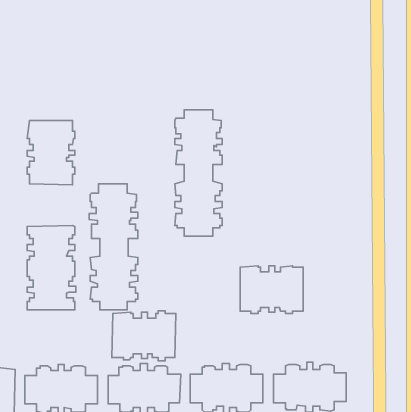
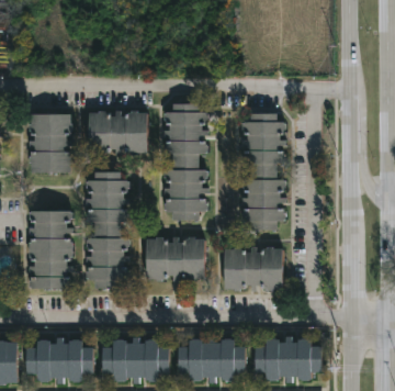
building: none -> [88,109,146,154]
building: none -> [241,112,285,228]
building: [112,311,176,361] -> [145,235,204,281]

